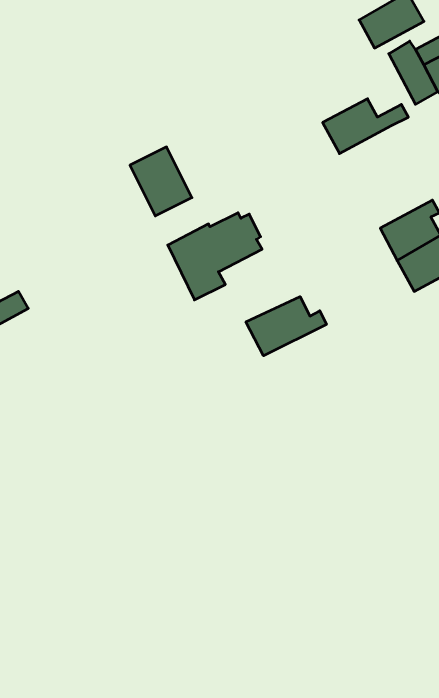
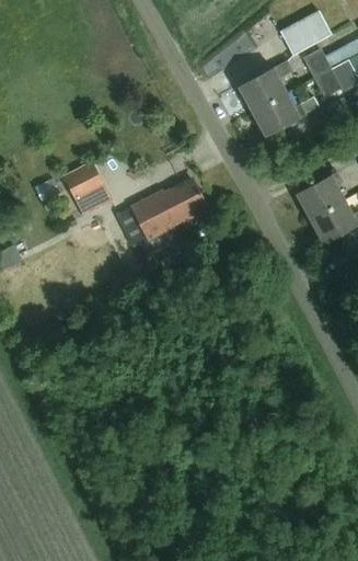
building: none -> [239,60,292,112]
building: [130,147,192,216] -> [63,162,112,216]
building: [246,297,326,356] -> none

